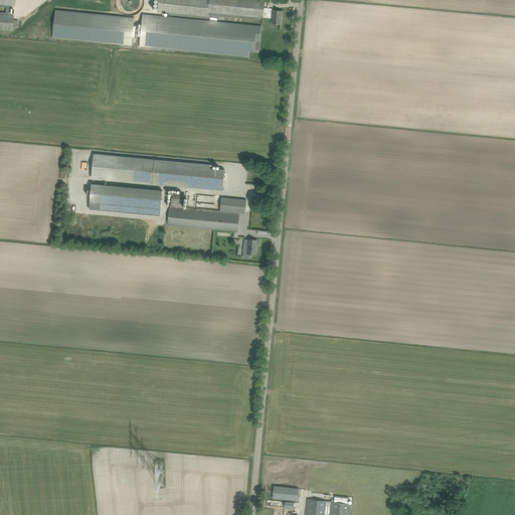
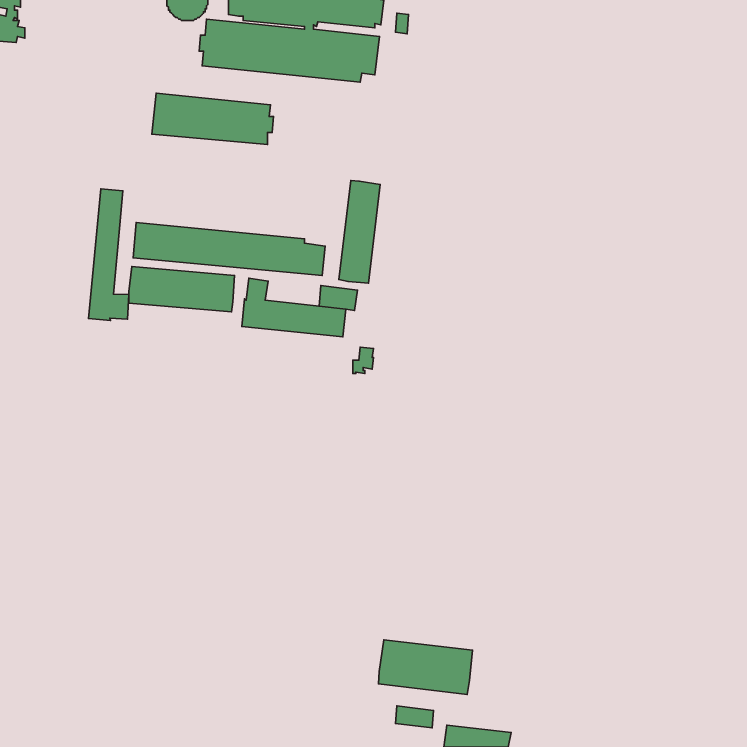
building: [51,9,135,44] -> [152,93,273,144]
building: none -> [339,181,380,283]
building: none -> [88,189,129,320]
building: none -> [378,640,473,695]

